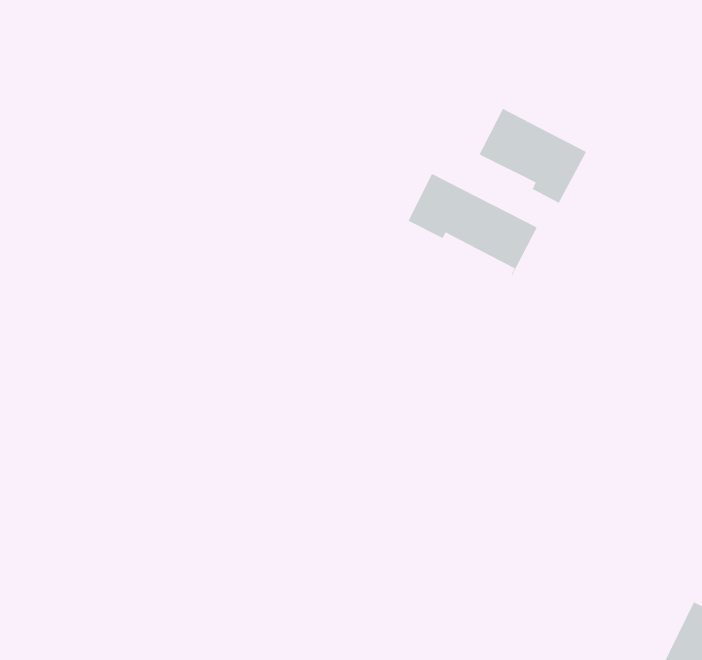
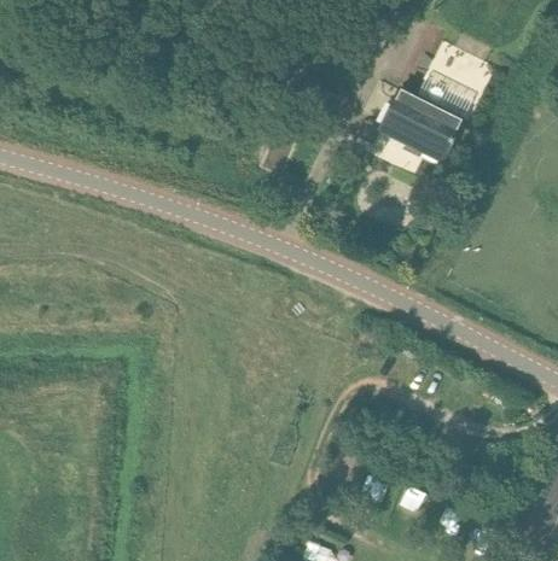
building: [408,173,537,276] -> none

